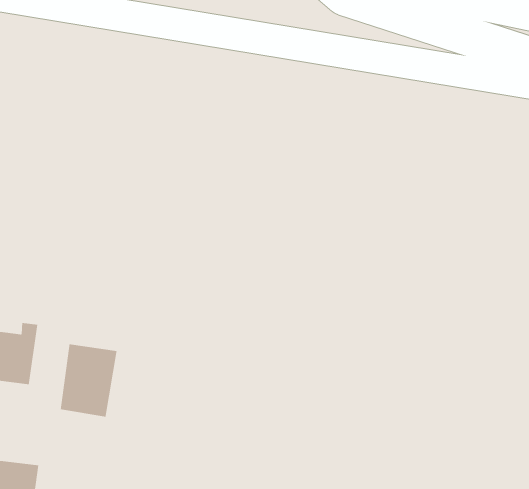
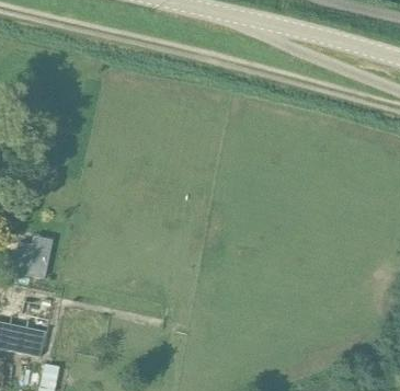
building: [60,344,117,418] -> none

